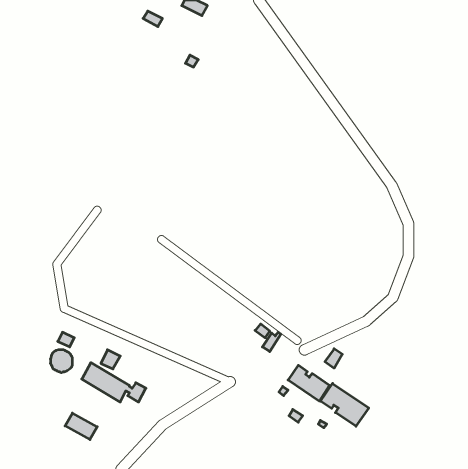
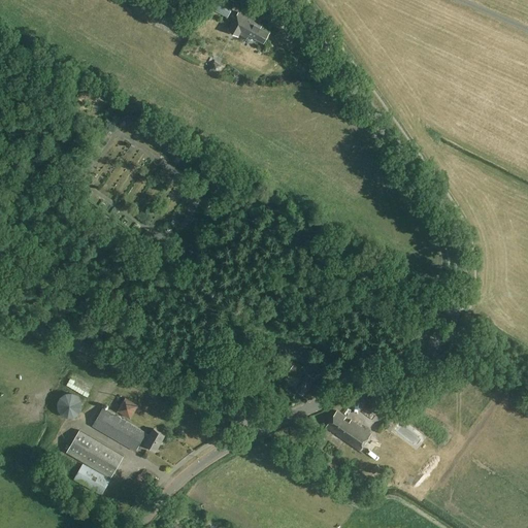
building: none -> [228,12,268,43]
building: none -> [66,430,123,478]
building: [321,383,369,426] -> none

